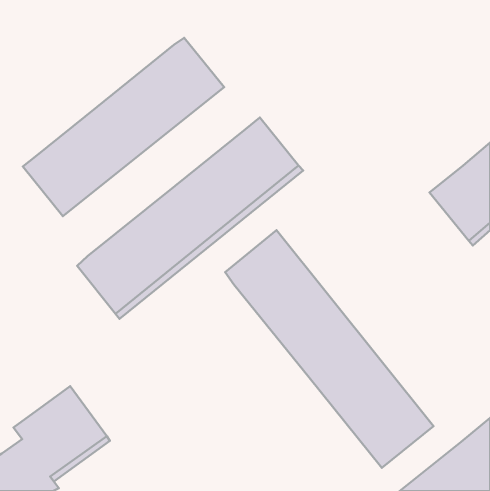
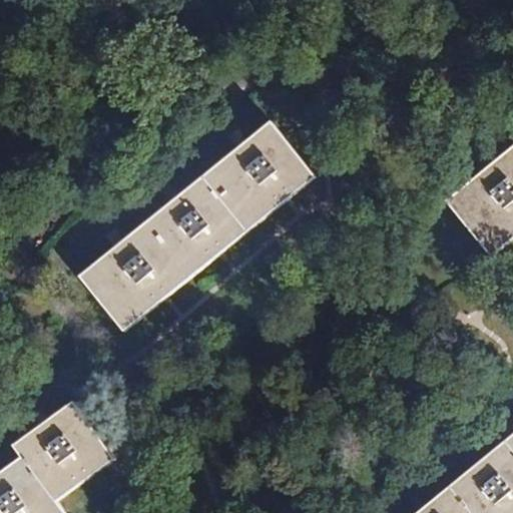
building: [23,38,224,216] -> none
building: [225,230,433,468] -> none

